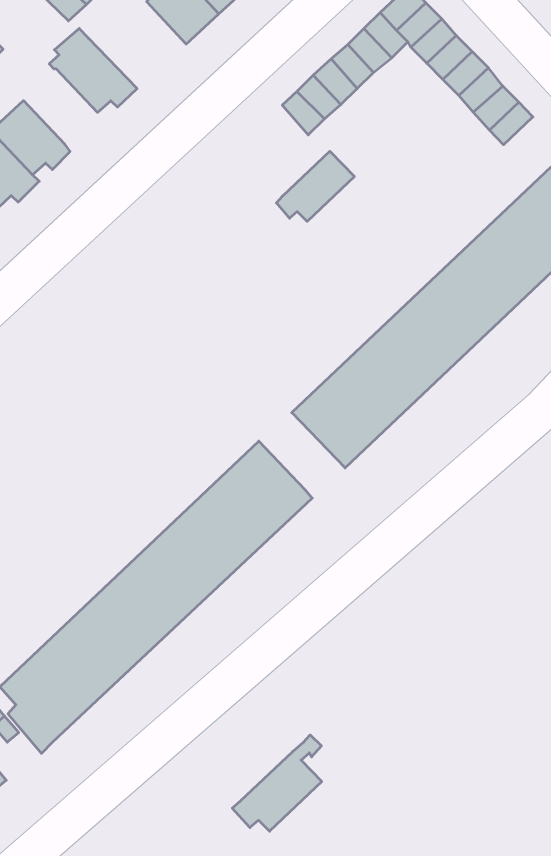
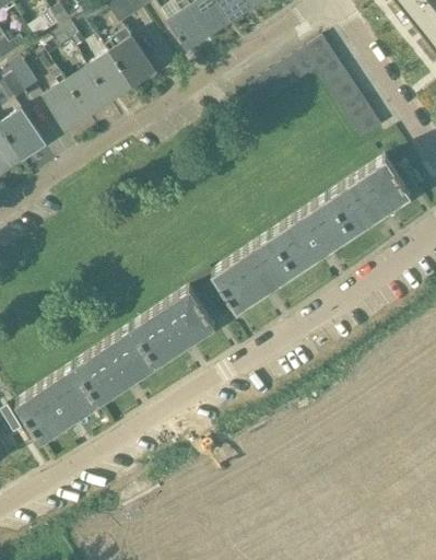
building: none -> [90,52,133,97]
building: [276,151,354,221] -> none
building: [232,735,322,831] -> none

